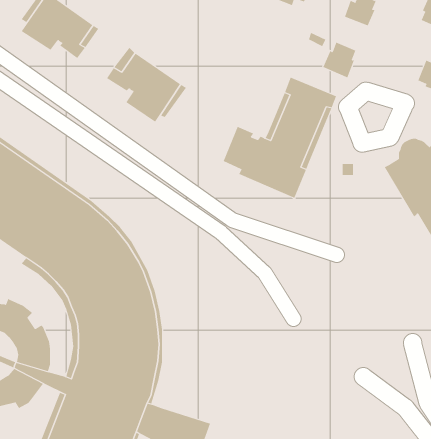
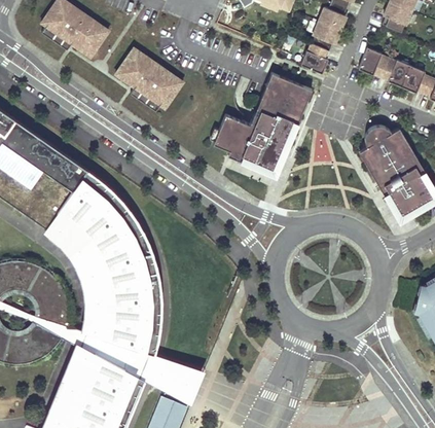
building: none -> [311,22,338,50]
building: none -> [358,47,388,76]

